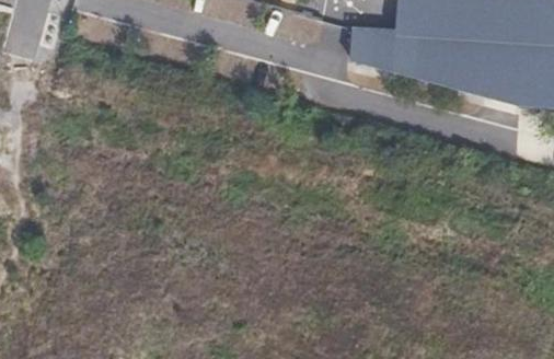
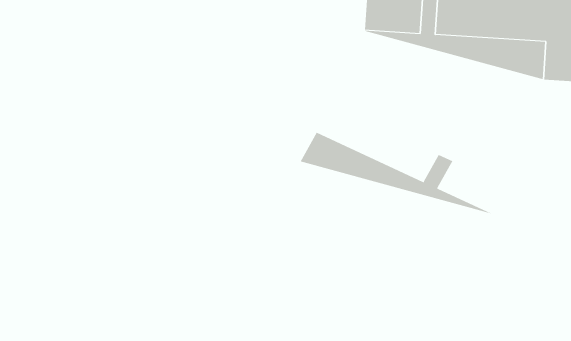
building: none -> [300,132,492,214]

